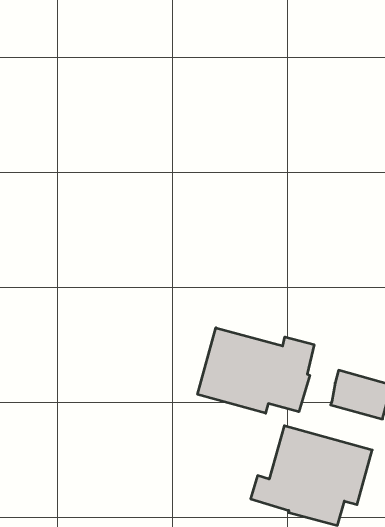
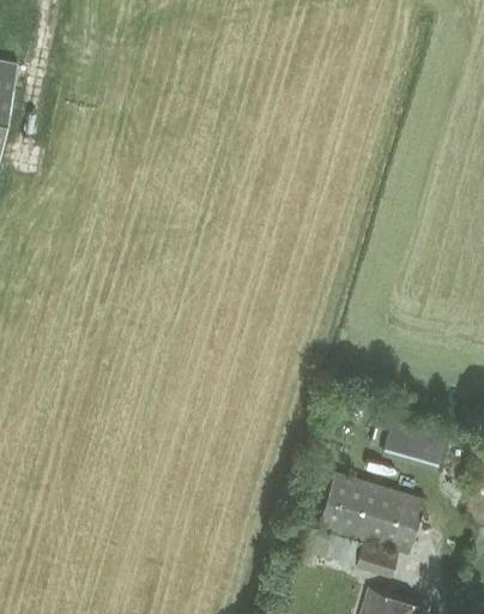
building: [198,328,314,413] -> none

